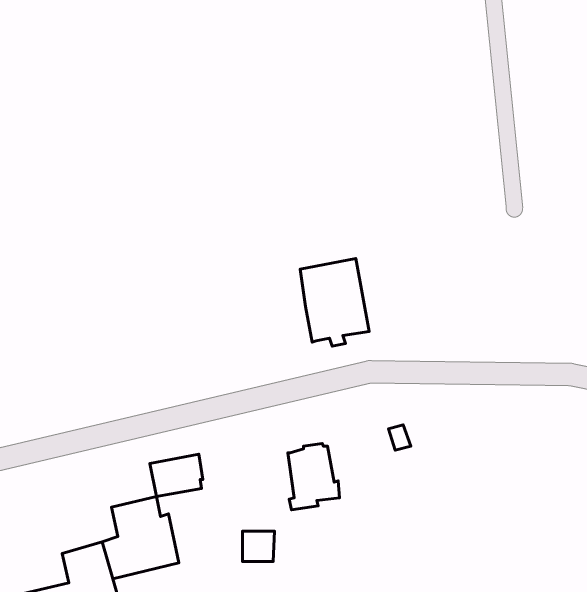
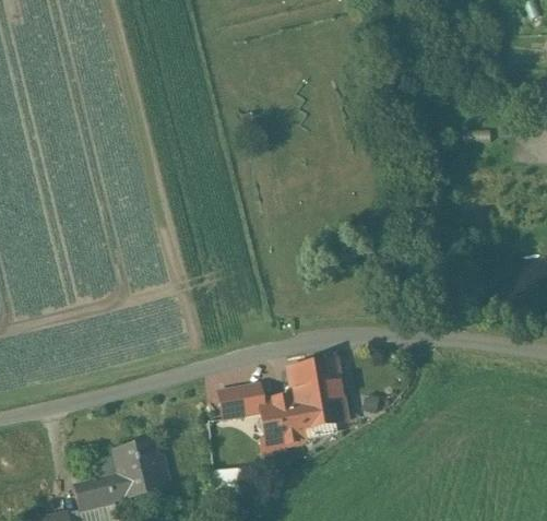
building: [300,259,369,346] -> [286,356,343,428]
building: [150,454,203,497] -> [216,380,260,415]

